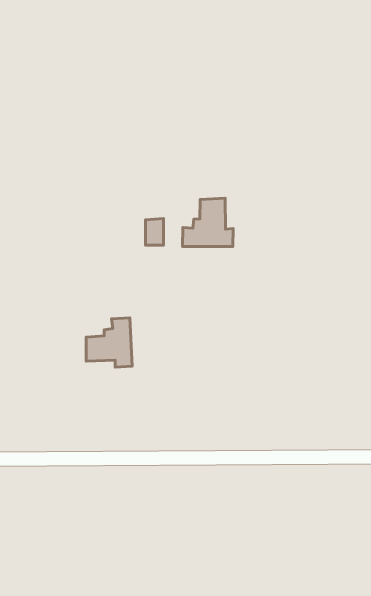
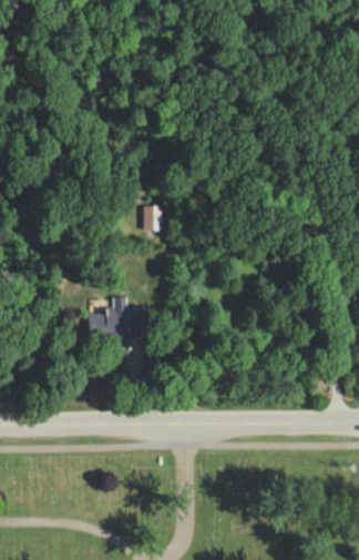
building: [183,198,233,247] -> none

